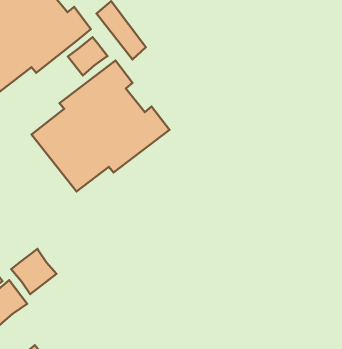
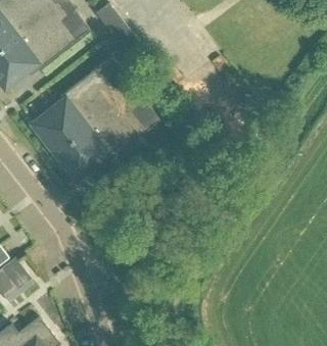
building: [68,37,107,75] -> none
building: [11,249,57,294] -> none

